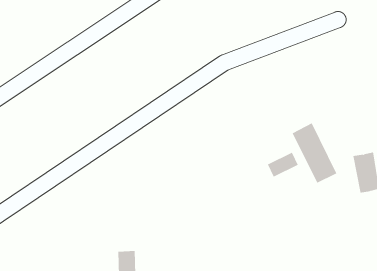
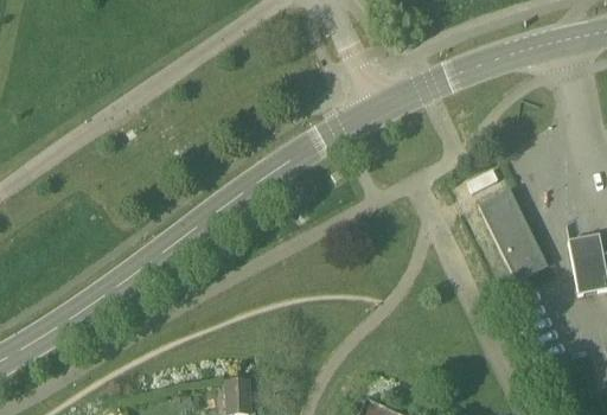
building: [267,152,298,177] -> none

